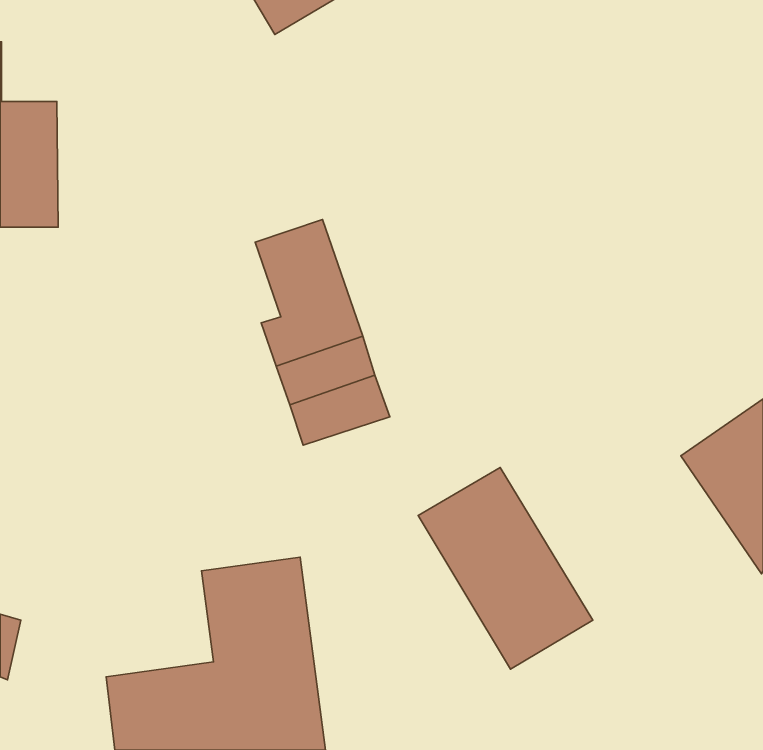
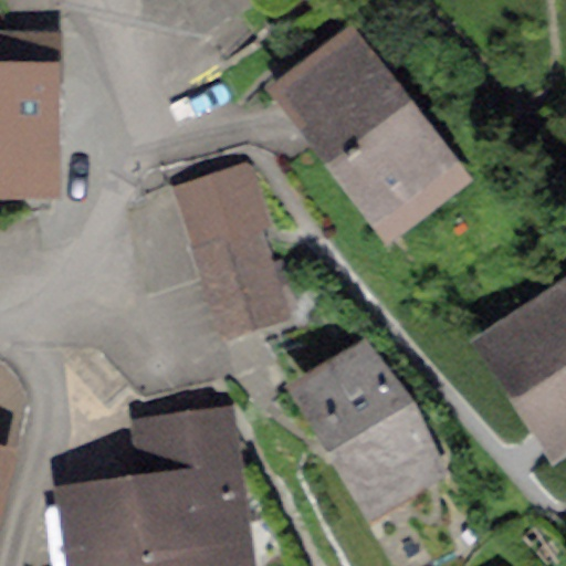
building: none -> [295,39,452,209]

